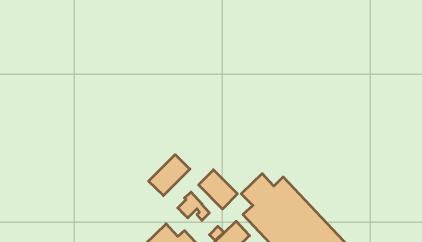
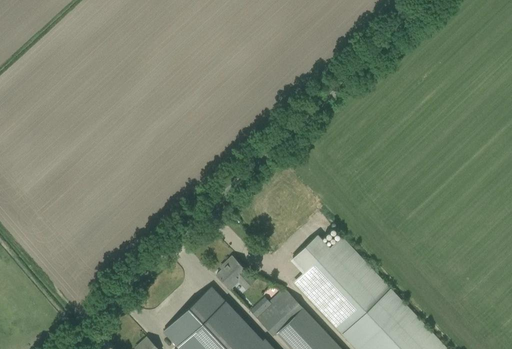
building: [149,155,190,196] -> none
building: [199,170,237,209] -> none

